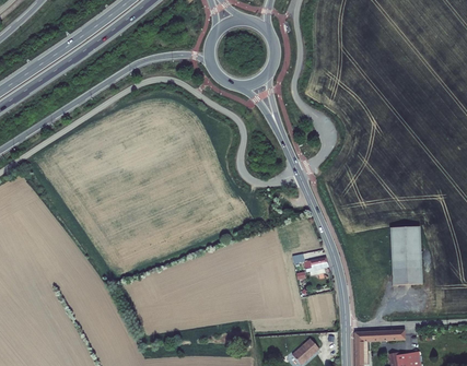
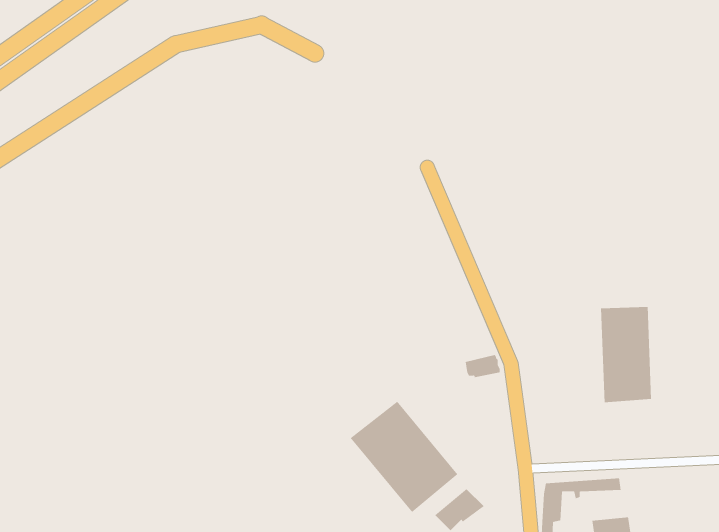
building: none -> [350,401,458,513]

